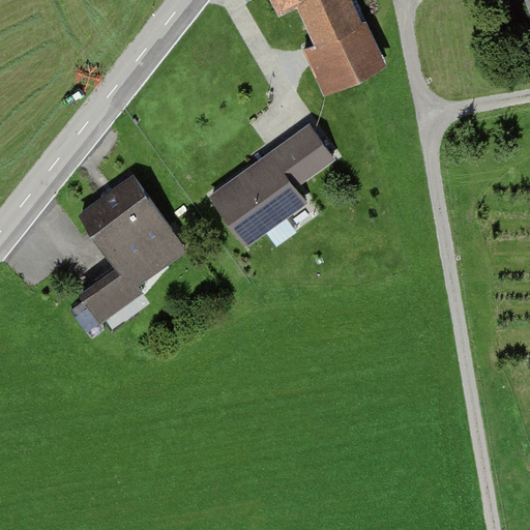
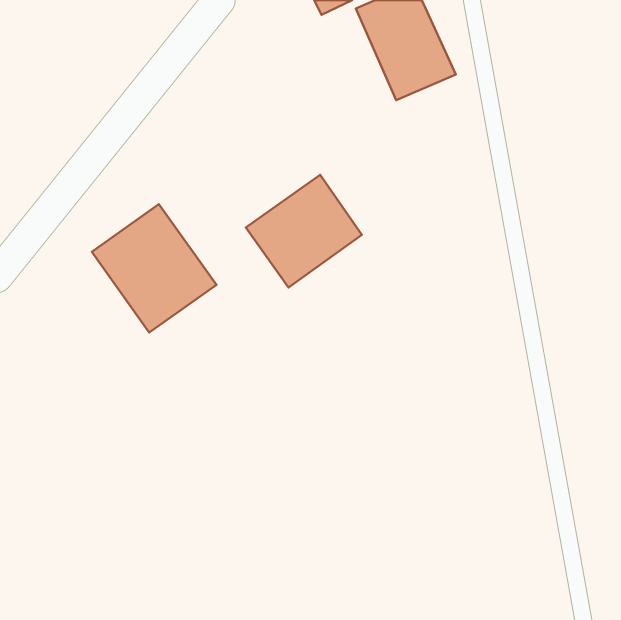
building: [271,125,331,184] -> none
building: [78,269,135,324] -> none

